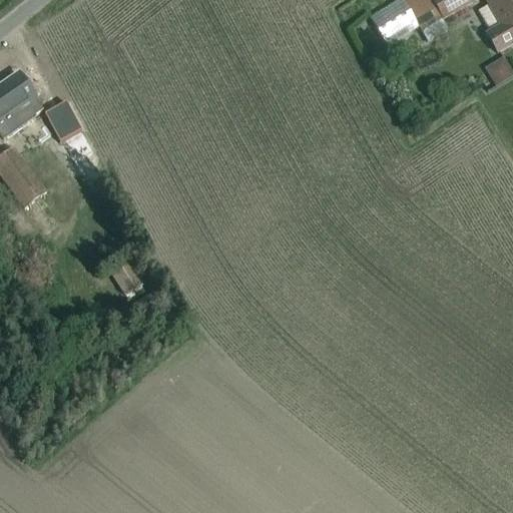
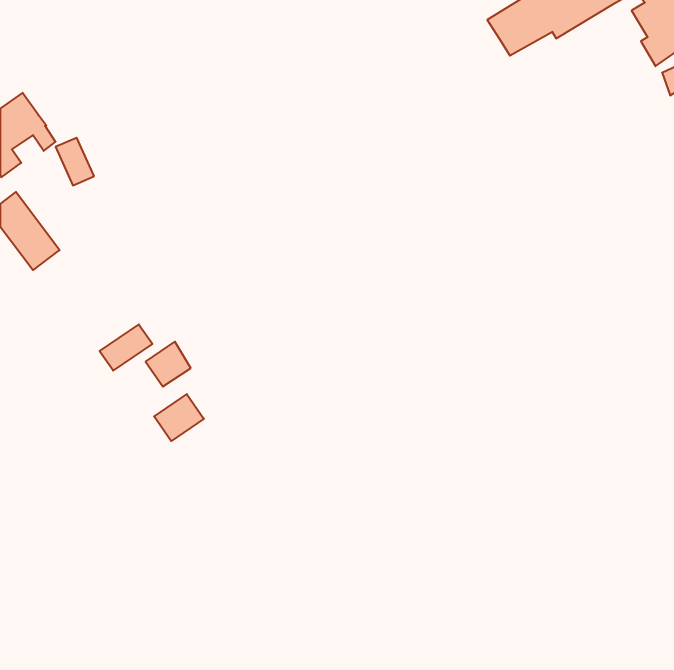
building: none -> [100,324,152,371]
building: none -> [154,394,204,441]

